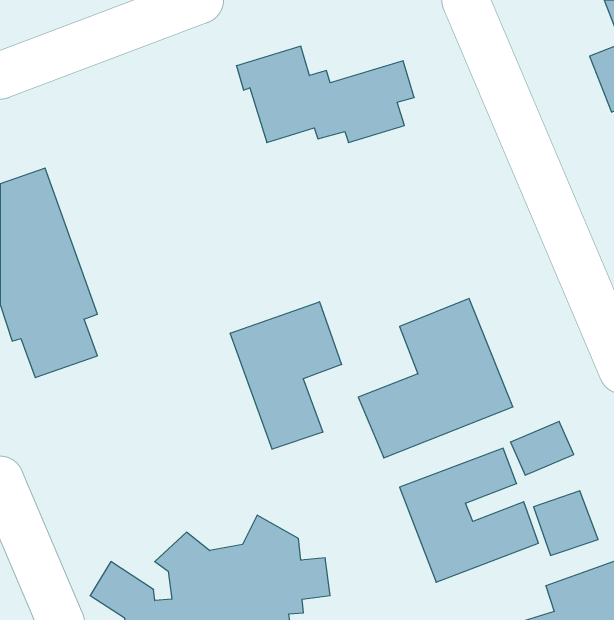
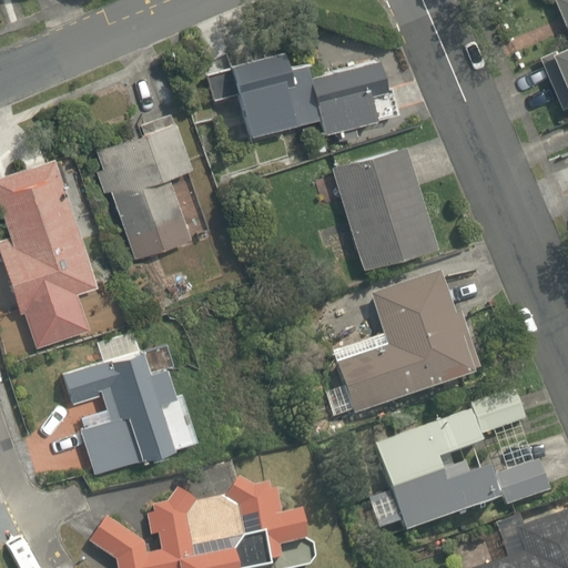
building: none -> [95,115,194,257]
building: none -> [331,146,432,264]
building: [230,302,342,449] -> none
building: none -> [65,346,193,474]

